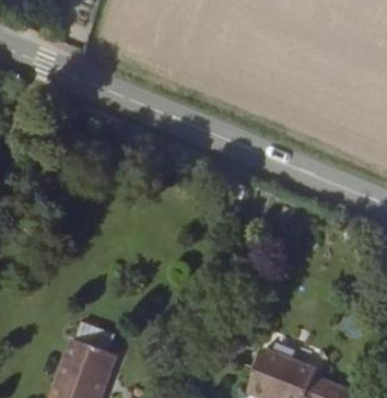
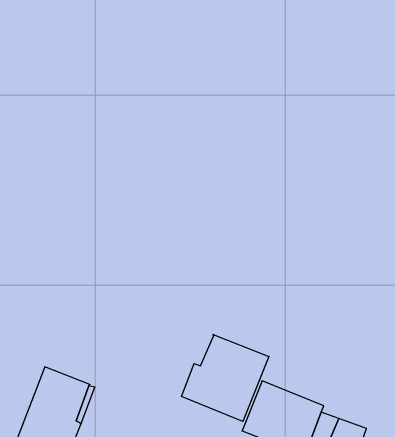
building: none -> [182,334,269,421]

